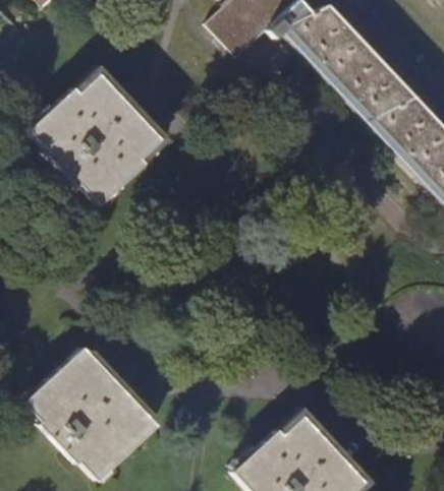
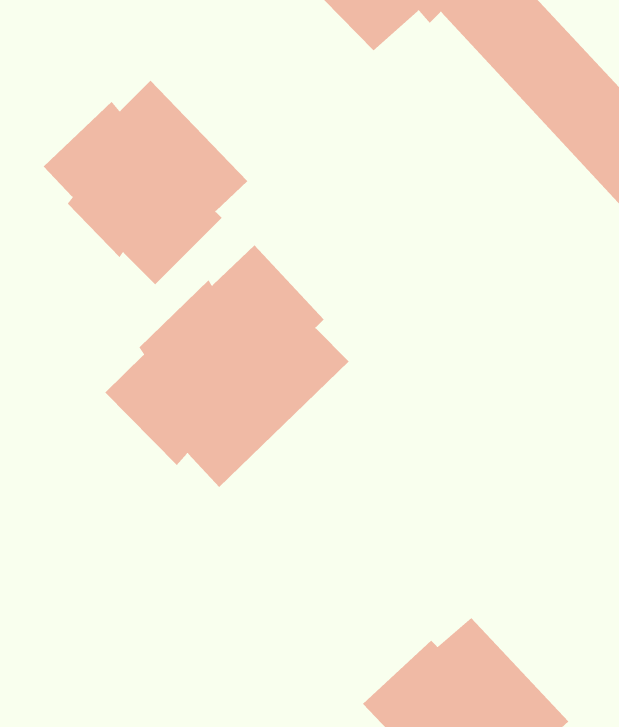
building: none -> [105,245,350,488]
building: [26,346,158,479] -> none

